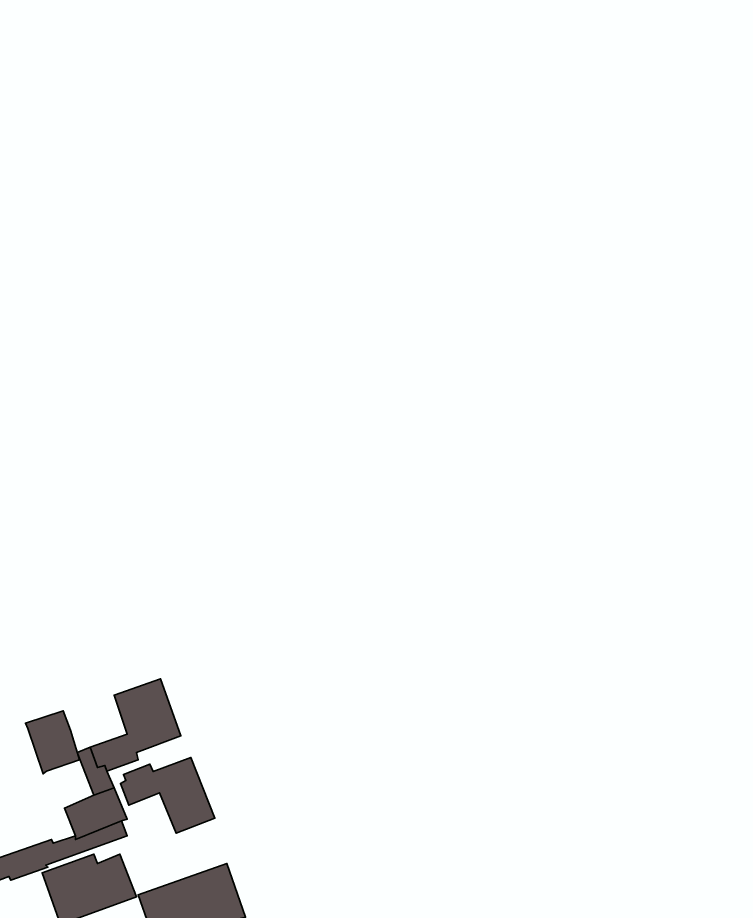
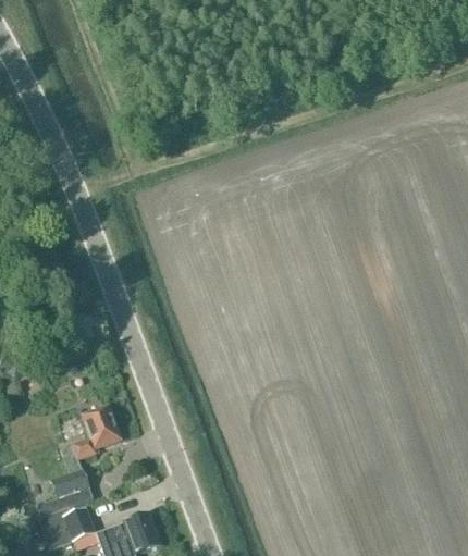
building: [26,711,79,774] -> none
building: [120,757,215,833] -> none

